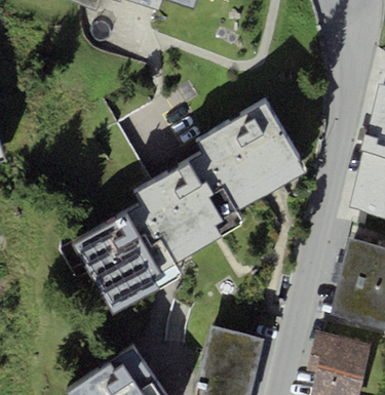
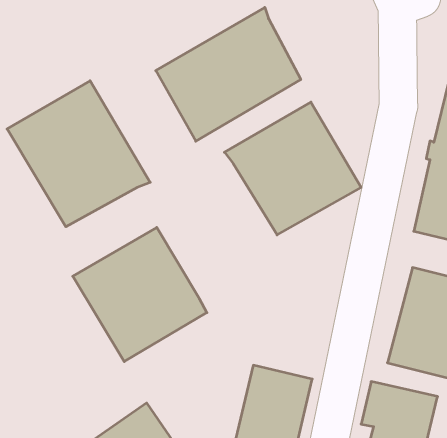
building: none -> [156,7,301,141]
building: none -> [7,81,150,227]
building: [132,152,244,263] -> none

